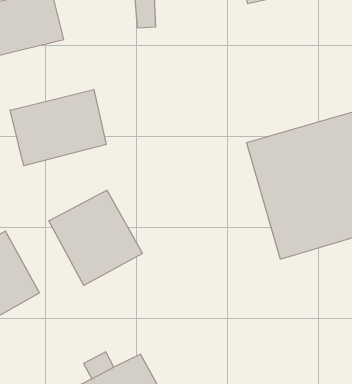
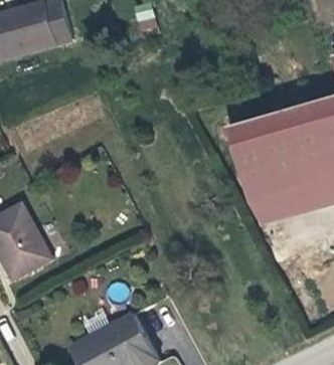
building: [10,89,106,166] -> none
building: [49,190,142,285] -> none

